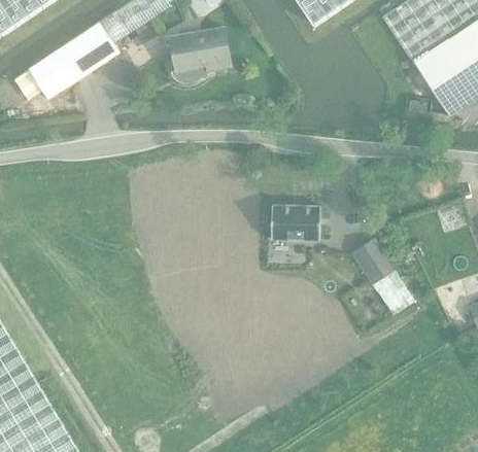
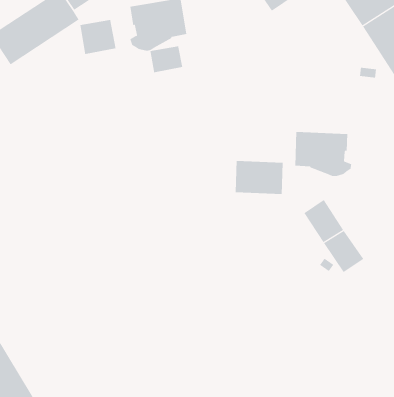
building: none -> [80,19,116,55]
building: none -> [150,46,183,73]
building: none -> [295,131,352,177]

